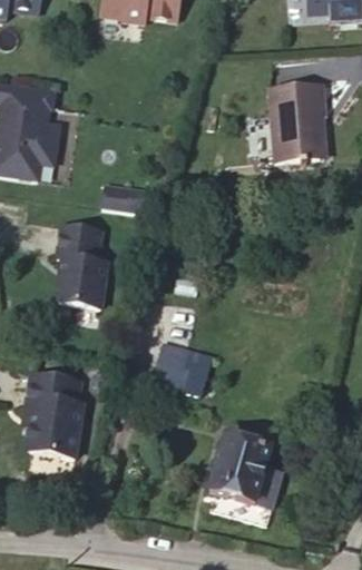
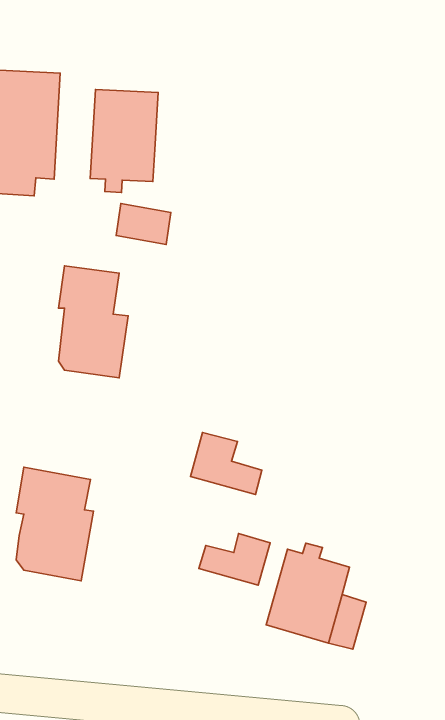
building: [271,83,323,160] -> none
building: none -> [90,90,158,193]
building: none -> [199,533,270,585]

